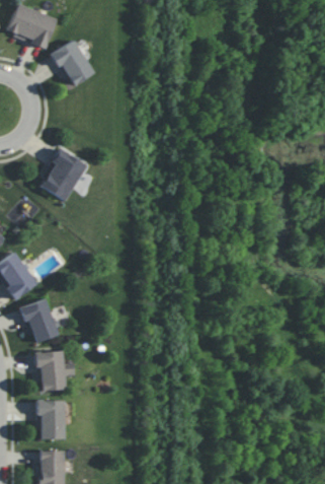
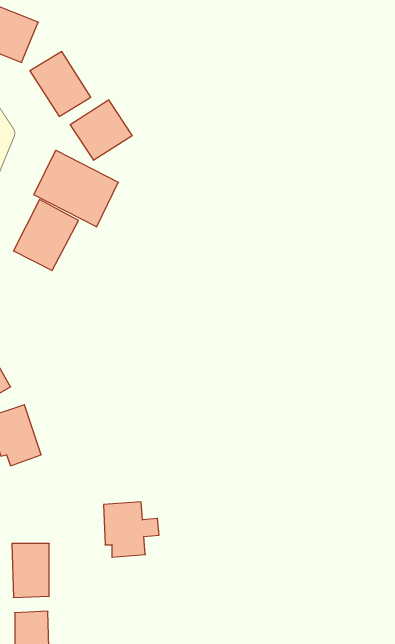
building: none -> [70,100,132,160]
building: none -> [34,150,118,227]
building: [34,350,75,391] -> [104,502,159,557]

